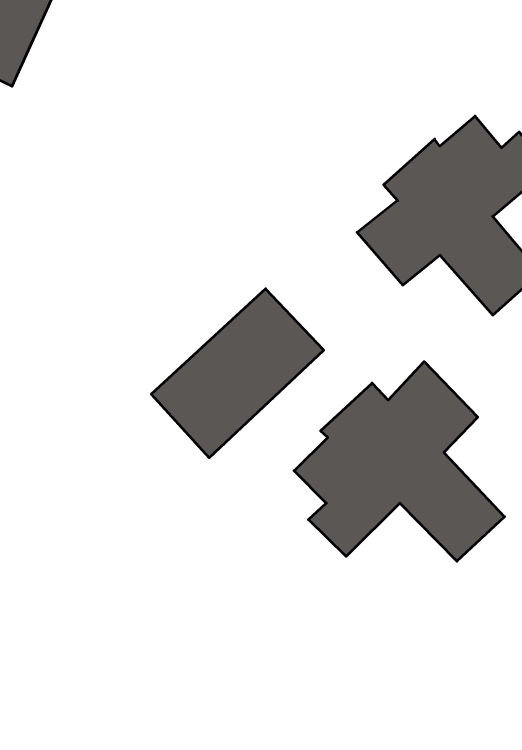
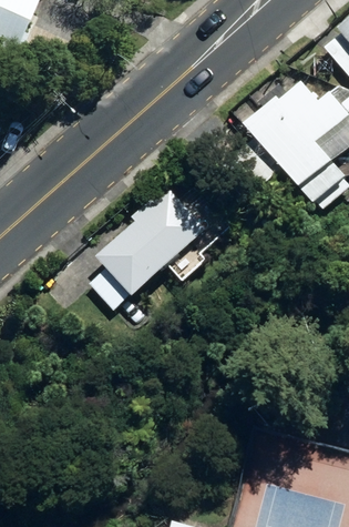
building: [294,362,505,561] -> none

